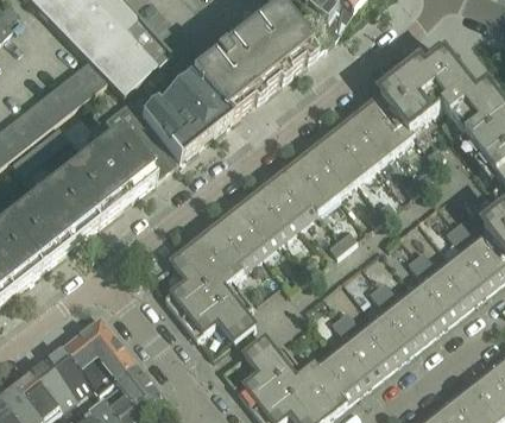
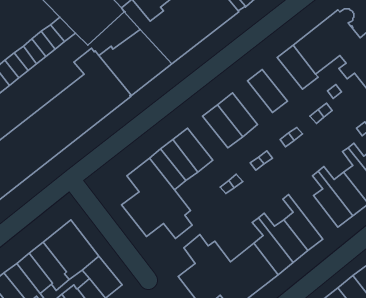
building: [345,109,396,165] -> none
building: [307,139,358,195] -> none
building: [250,184,301,240] -> none
building: [378,278,441,341] -> none

